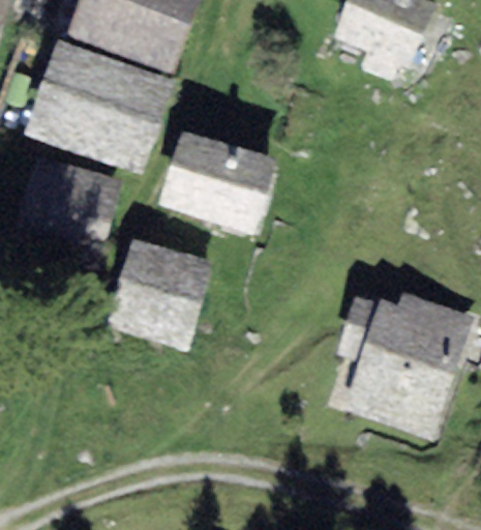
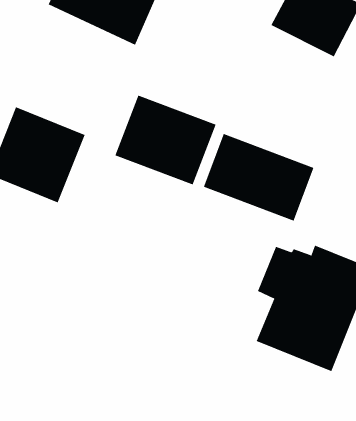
building: [23,40,176,174] -> none
building: none -> [203,133,314,222]
building: [104,238,211,352] -> none

